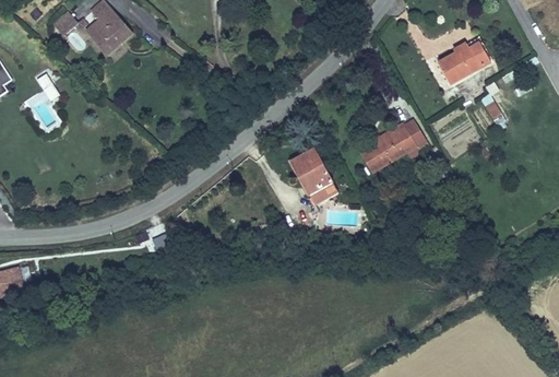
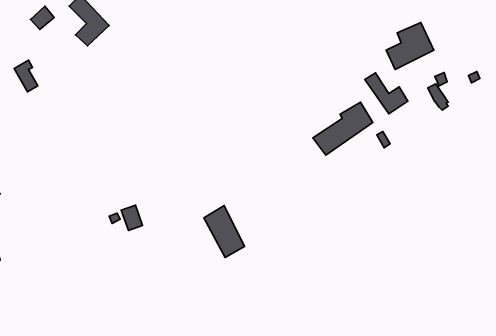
building: [93,24,118,66] -> none
building: none -> [365,73,408,114]
building: [289,150,333,205] -> [204,206,245,258]

